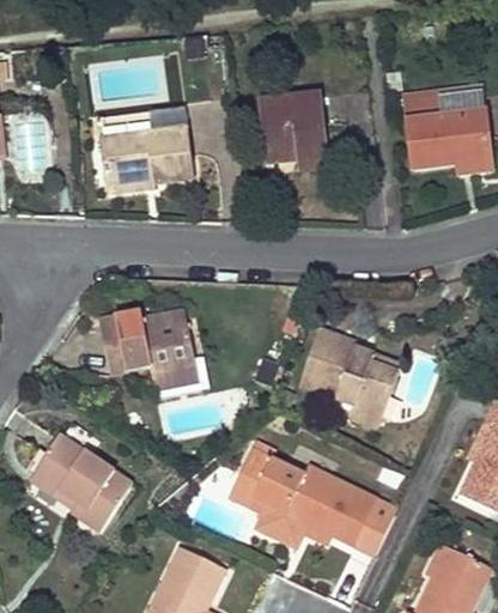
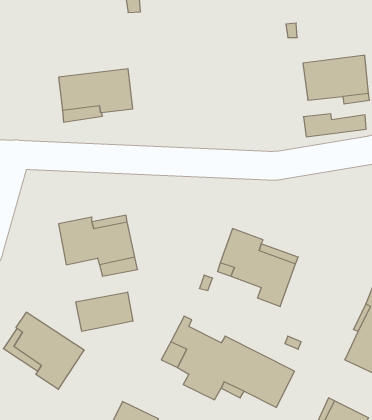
building: [403,91,482,120] -> [303,114,366,137]
building: [257,92,329,168] -> none
building: none -> [76,292,133,331]

